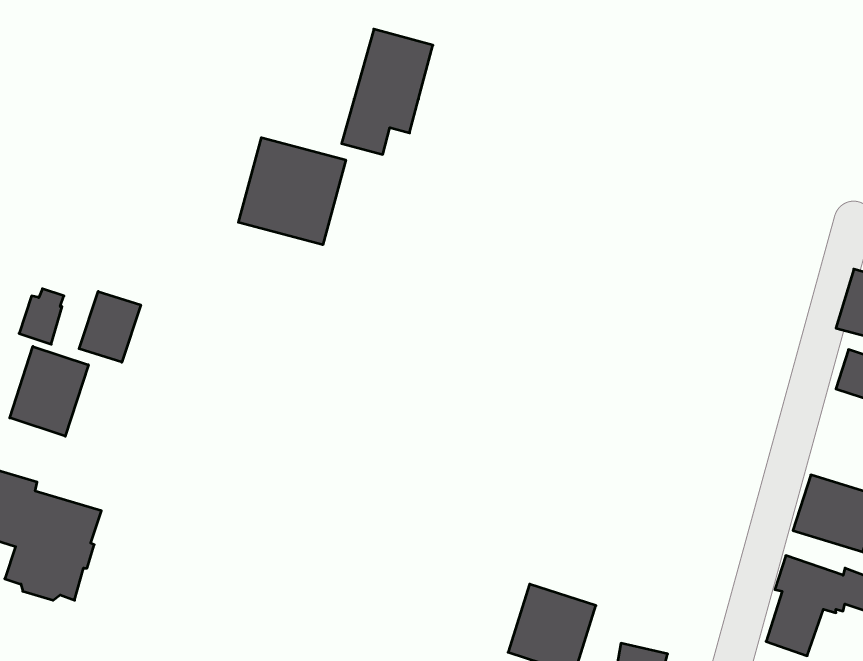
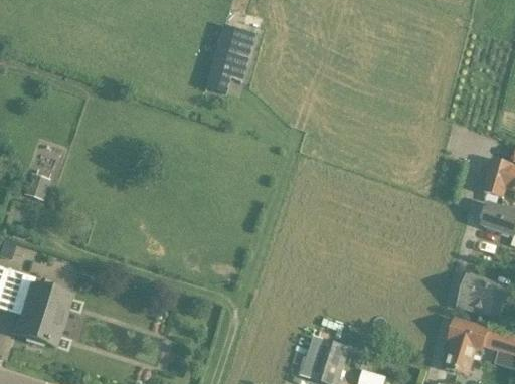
building: [238,138,346,245] -> none
building: [79,291,141,362] -> none
building: [10,346,88,436] -> none

